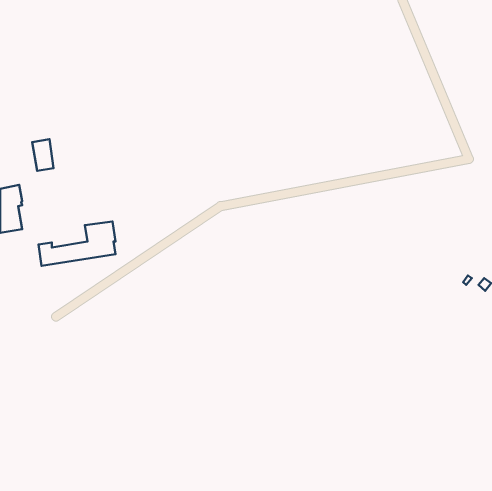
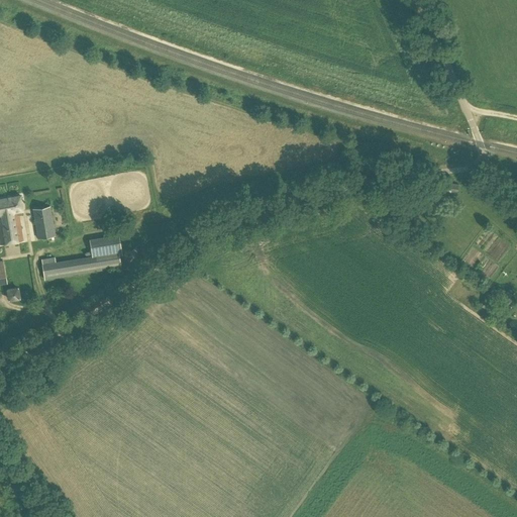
building: [32,139,53,171] -> [32,207,55,240]

